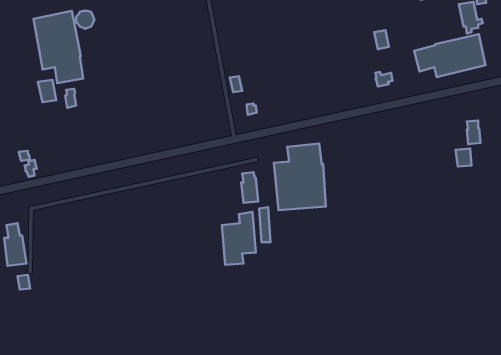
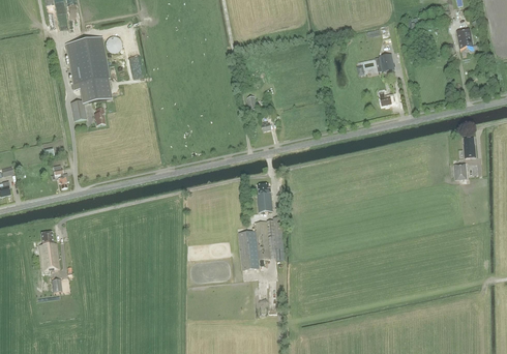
building: [414,34,485,77] -> none
building: [274,144,326,210] -> none

